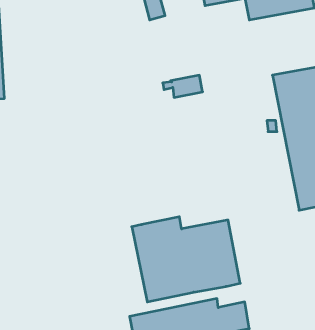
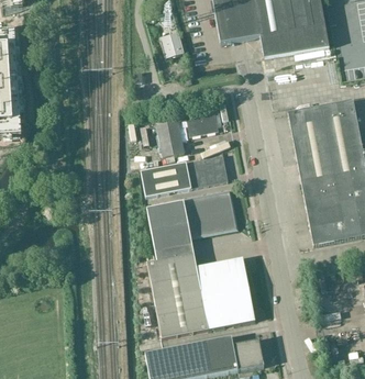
building: none -> [156,120,184,156]
building: none -> [141,154,228,197]
building: none -> [146,190,236,260]

